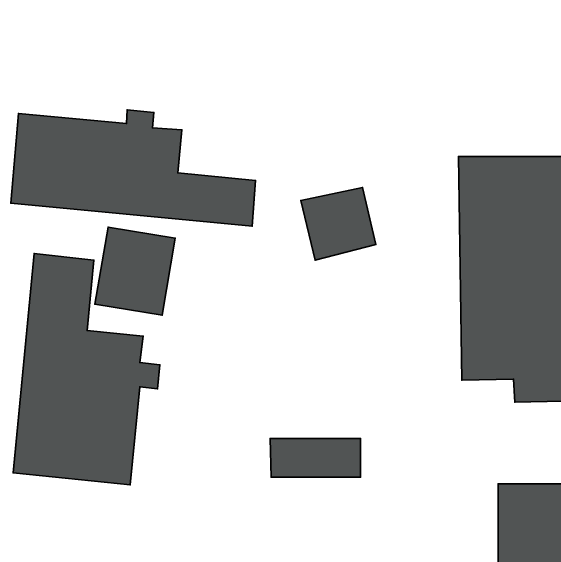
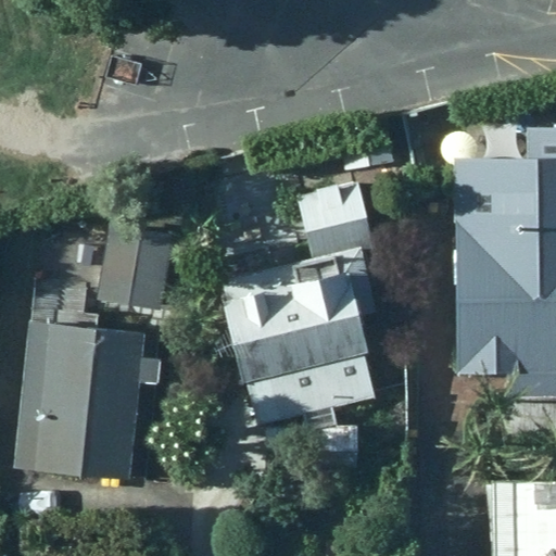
building: [11,110,255,226] -> none
building: none -> [220,250,376,431]

